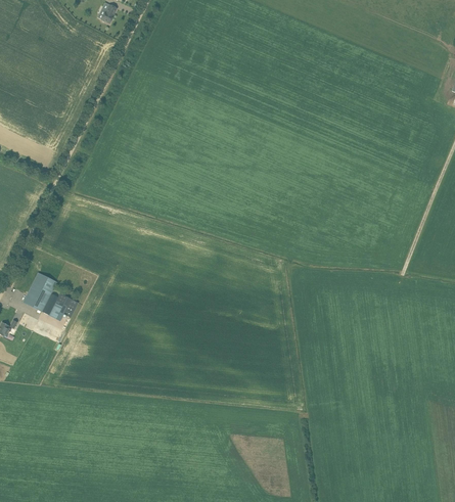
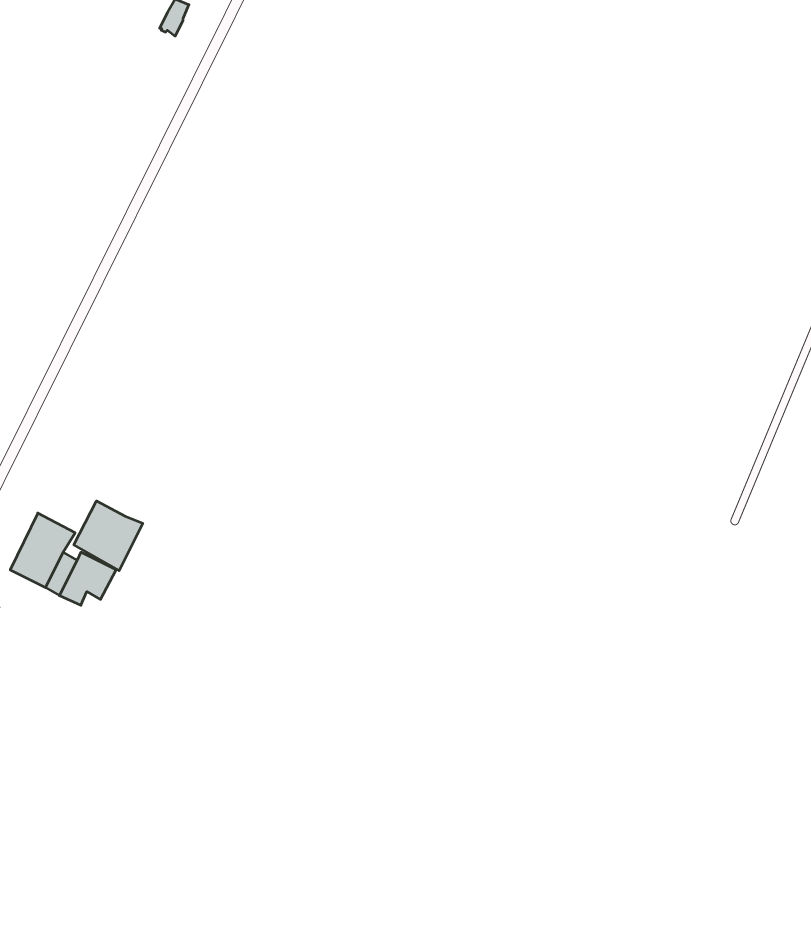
building: none -> [74,501,143,571]

